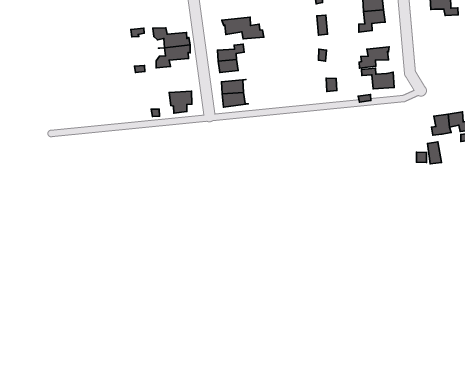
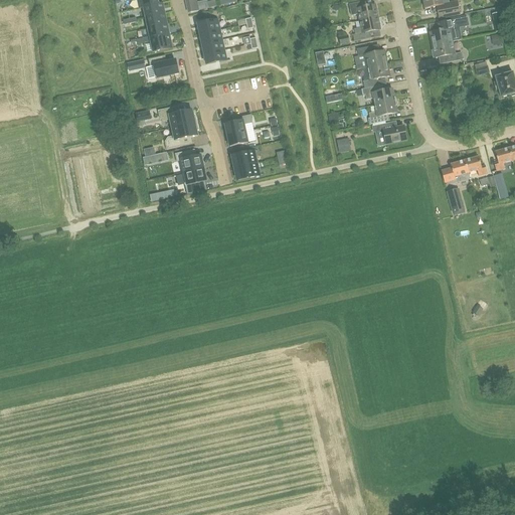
building: [222,17,264,39] -> none
building: none -> [361,83,396,103]
building: none -> [174,148,203,170]

